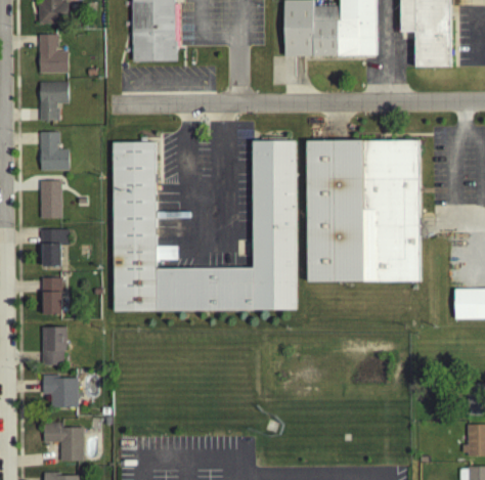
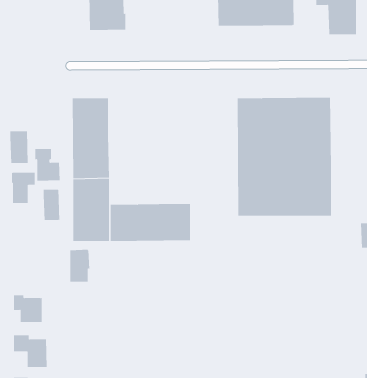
building: [39,35,68,73] -> none
building: [40,82,69,121] -> none
building: [39,132,70,171] -> [35,148,61,181]
building: [252,141,298,310] -> none
building: [42,277,62,314] -> [43,189,60,220]
building: [42,326,67,365] -> [69,249,90,282]

